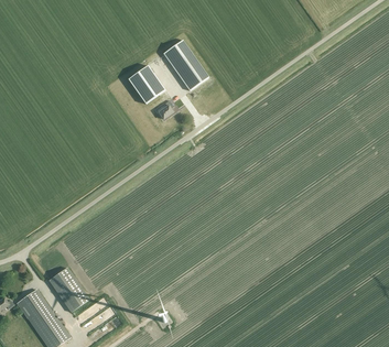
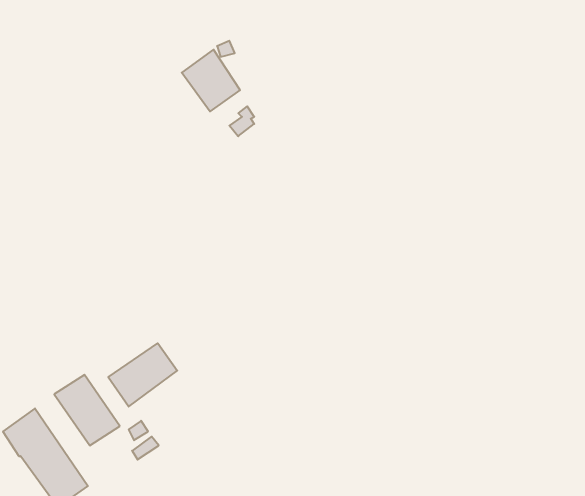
building: [163,40,207,90] -> none
building: none -> [108,343,177,407]

